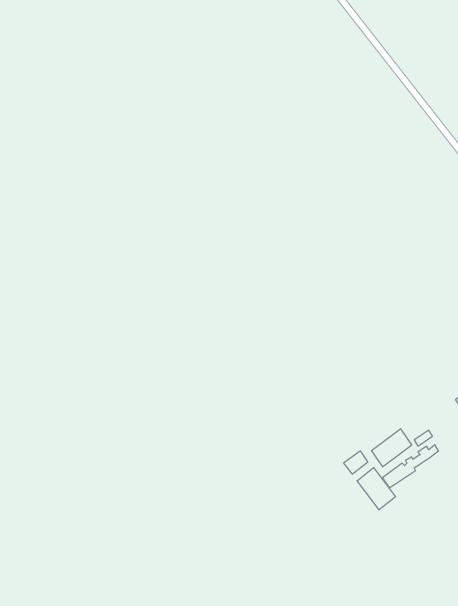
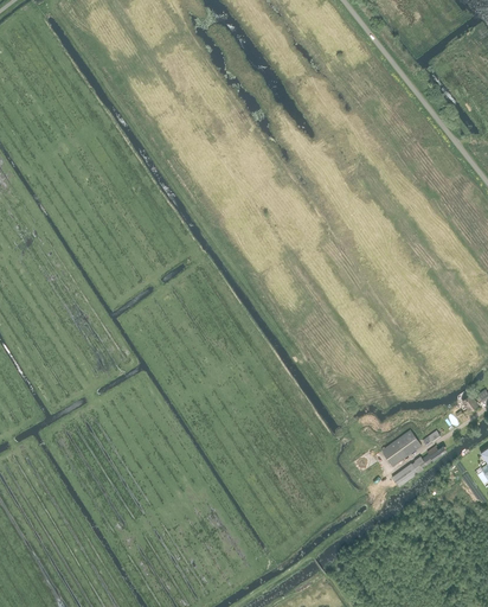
building: [357,468,395,510] -> none

